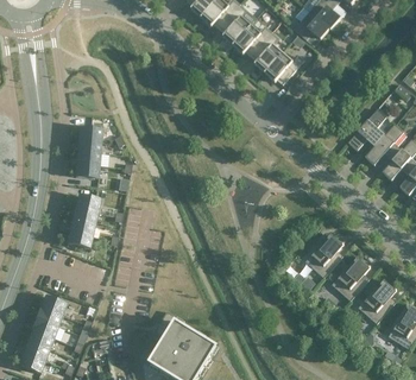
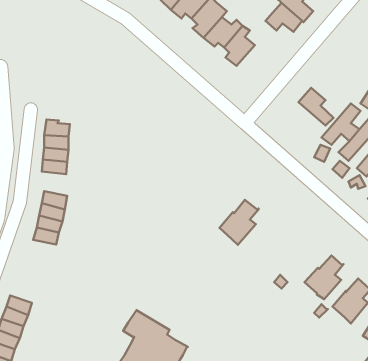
building: [264,51,302,81] -> none
building: none -> [298,88,334,125]
building: [304,233,342,277] -> [219,200,258,245]

